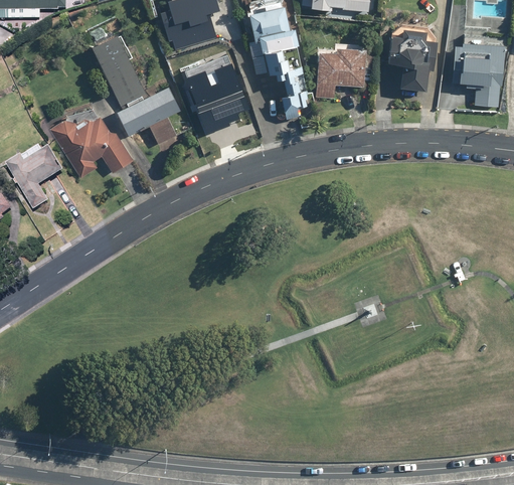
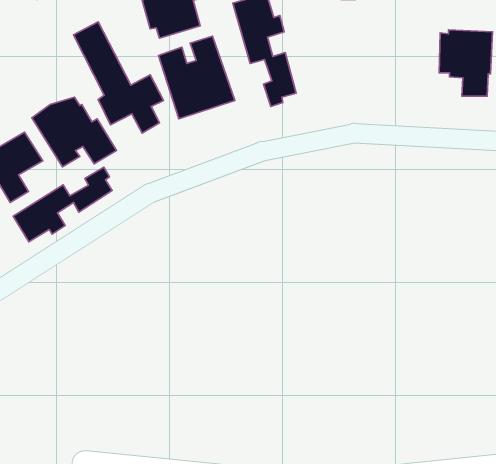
building: [388,24,437,90] -> none
building: [316,43,366,99] -> none
building: none -> [13,167,112,242]

